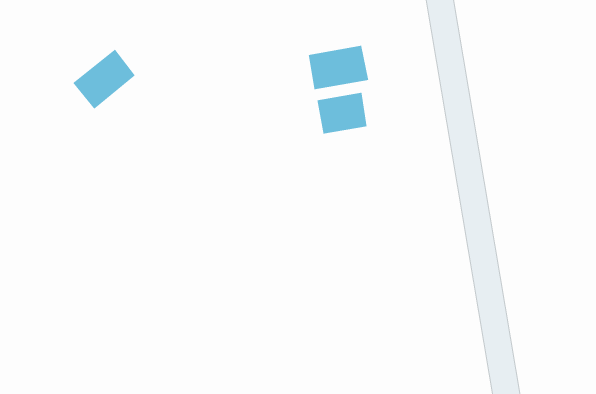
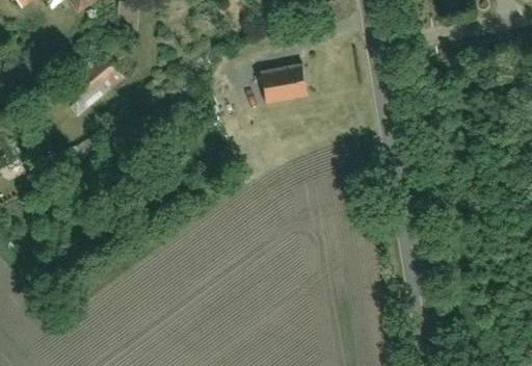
building: [317,92,368,135] -> none

